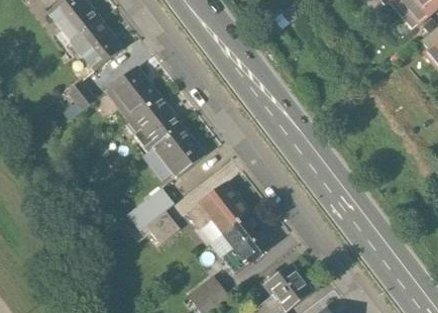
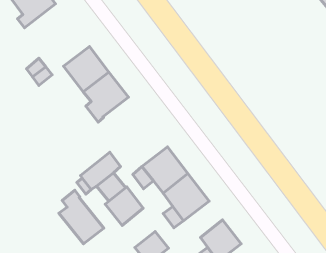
building: [65,18,123,70] -> none
building: [153,124,206,176] -> none
building: none -> [105,187,143,226]
building: none -> [59,190,104,244]

